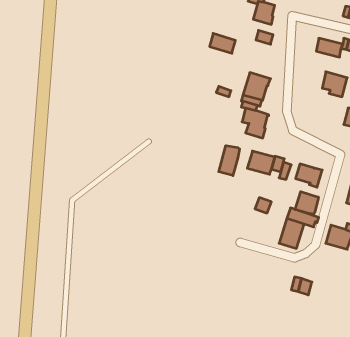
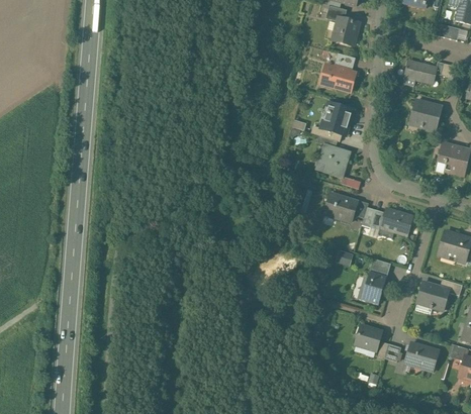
building: [210,33,235,53] -> [322,66,353,89]
building: [219,146,240,176] -> none
building: [295,192,318,214] -> none
building: none -> [355,324,381,349]
building: none -> [405,342,438,370]

